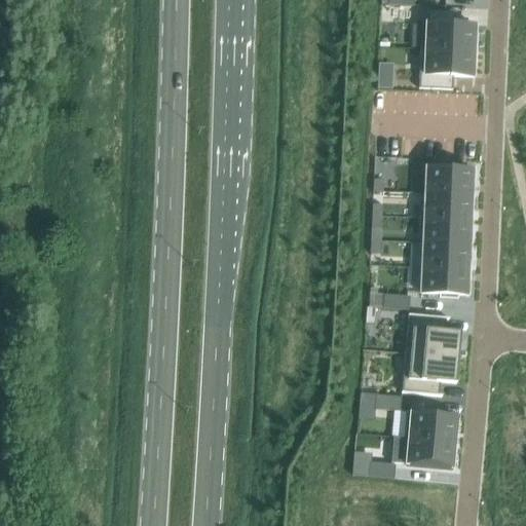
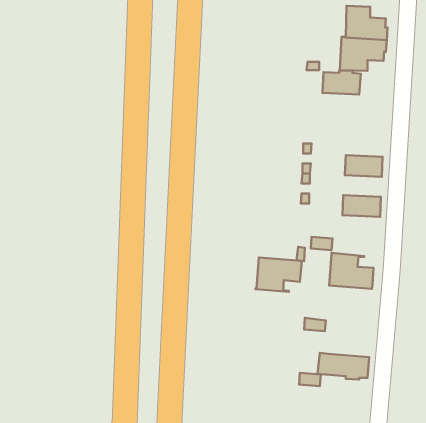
building: [426,163,474,193] -> [323,70,361,95]
building: [419,215,471,242] -> none
building: [421,265,468,295] -> none
building: [402,351,458,393] -> [256,258,301,292]
building: [405,409,457,440] -> none

